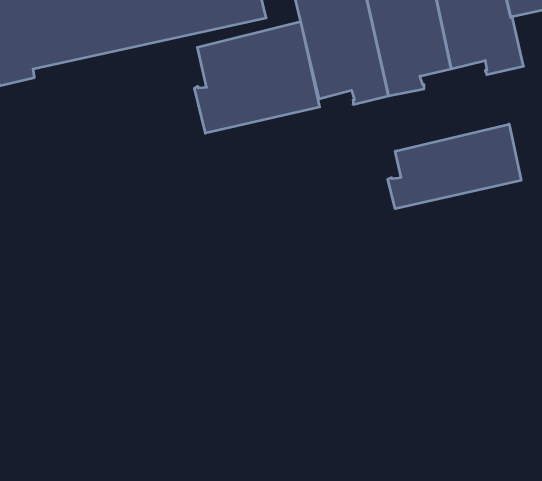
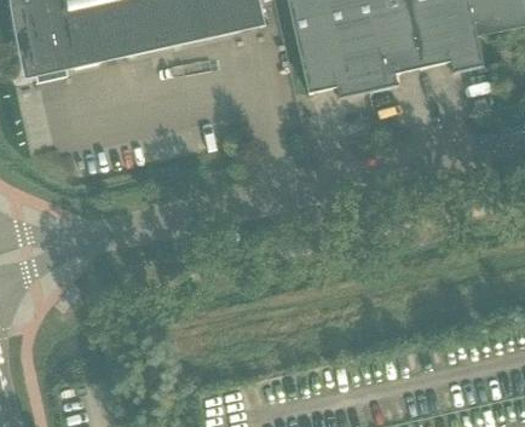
building: [194,21,320,133] -> none
building: [388,124,521,209] -> none

